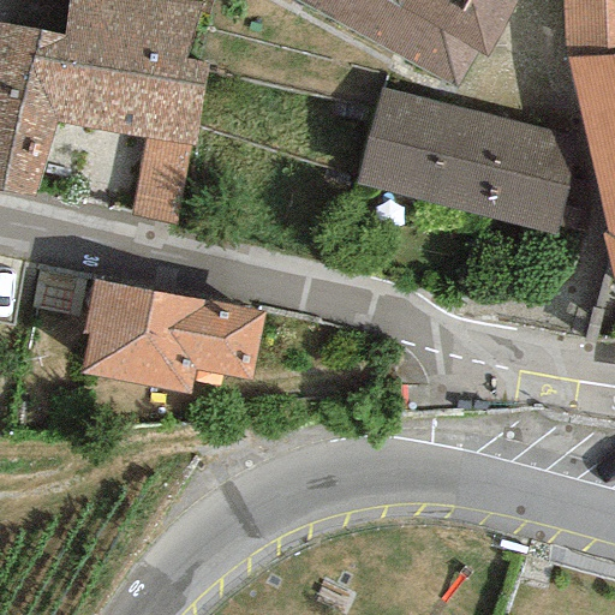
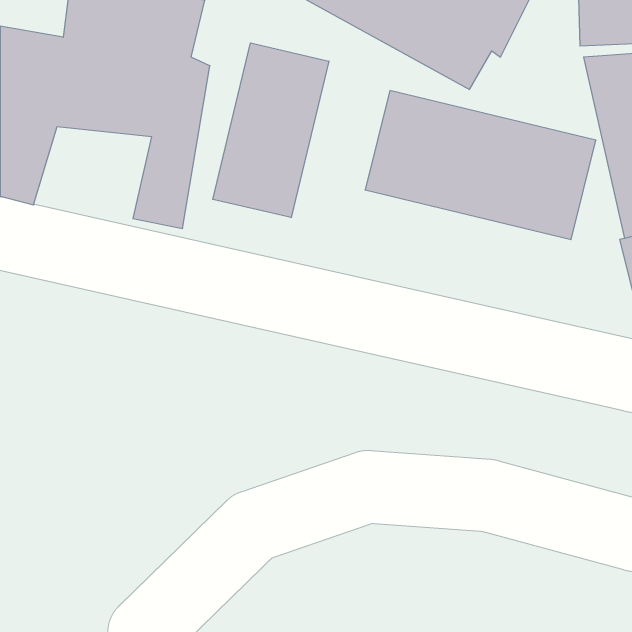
building: none -> [213,43,329,218]
building: [82,277,267,395] -> none

